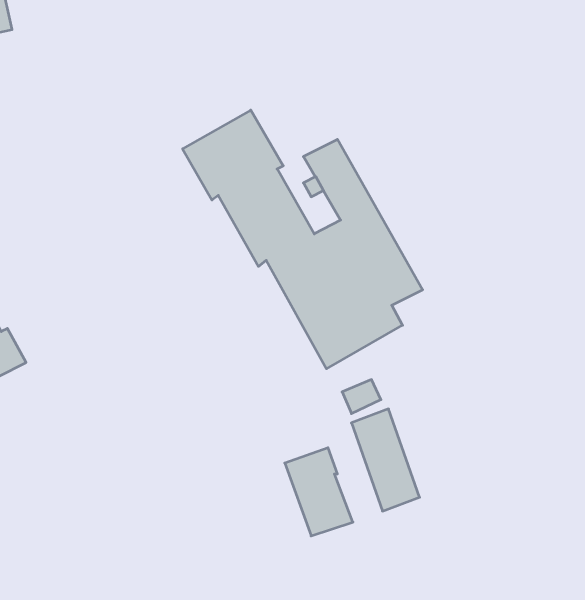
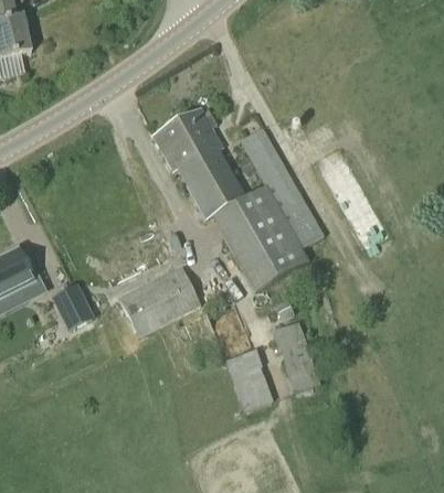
building: none -> [119,267,201,335]
building: none -> [52,285,93,329]

